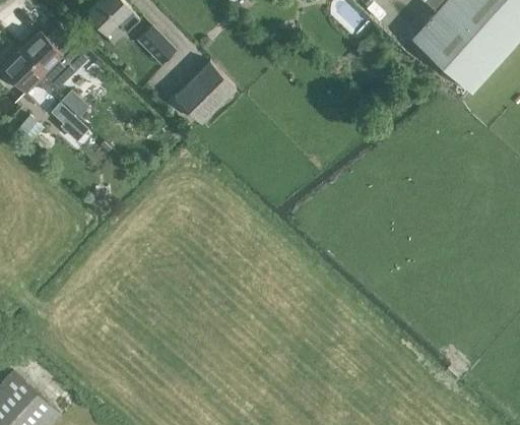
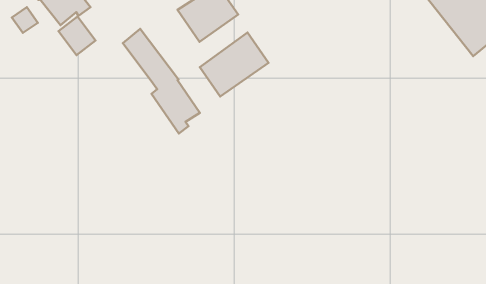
building: none -> [200,33,269,96]
building: none -> [123,29,200,133]

